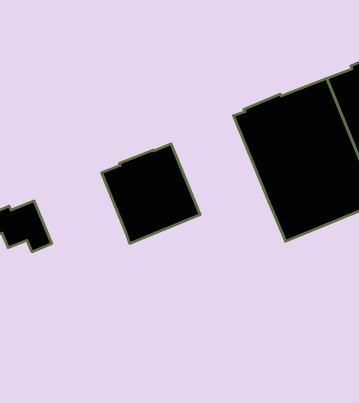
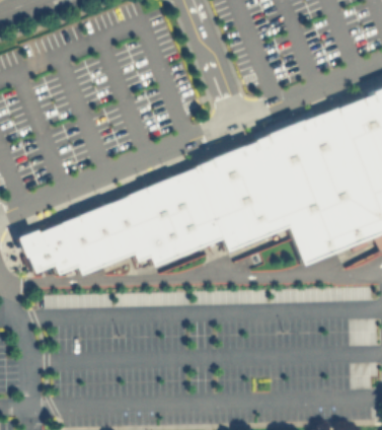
building: none -> [193,142,288,252]
building: none -> [59,198,148,274]

